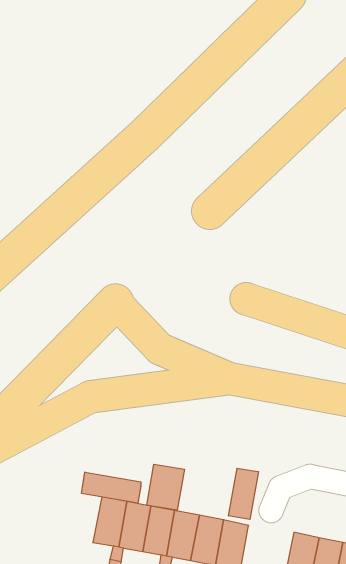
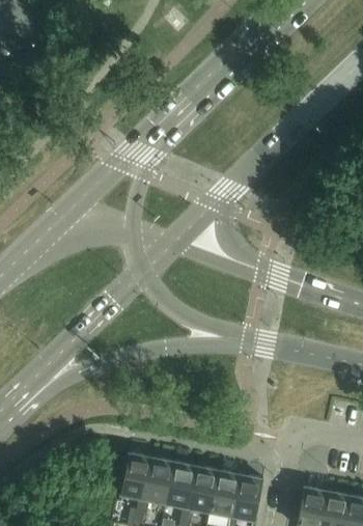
building: [147,464,184,510] -> none
building: [229,468,258,519] -> none
building: [82,472,141,503] -> none

